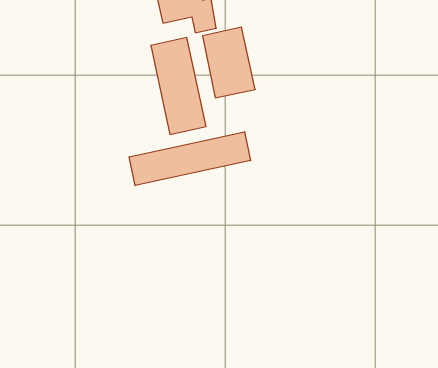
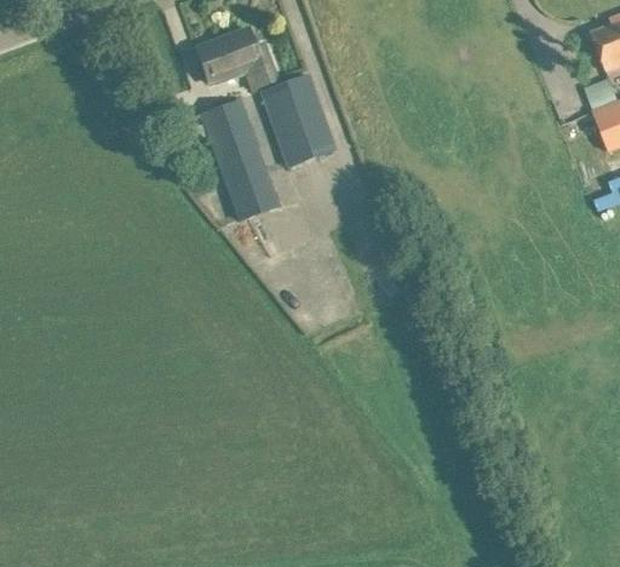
building: [129,132,251,186] -> none

